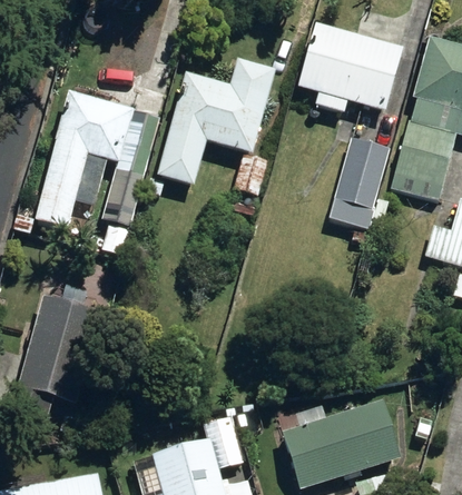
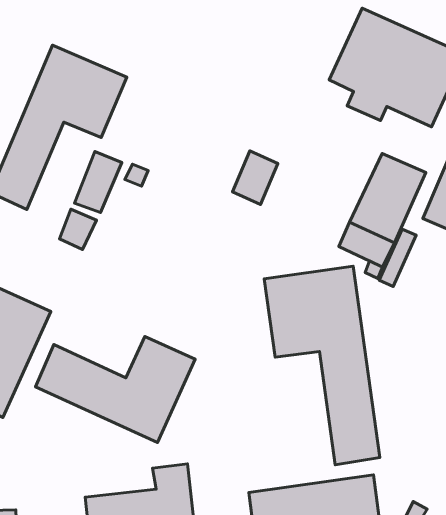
building: [158,58,276,182] -> none
building: none -> [264,266,380,465]
building: none -> [35,337,195,442]

